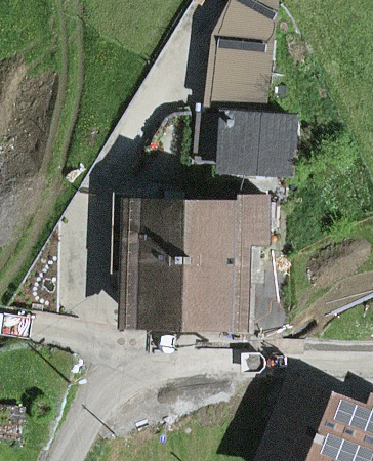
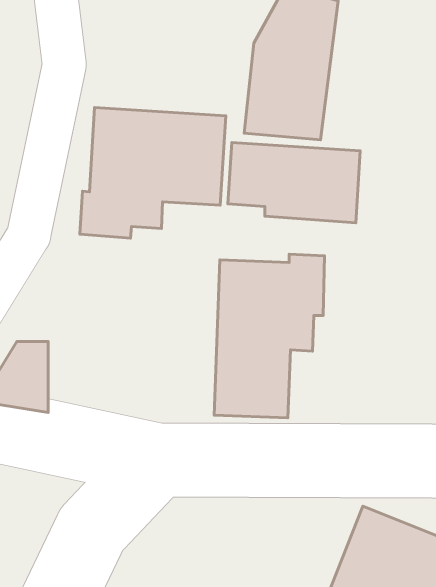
building: none -> [80,107,226,238]
building: [120,199,190,319] -> none

